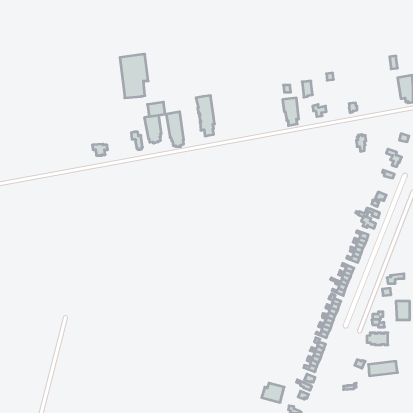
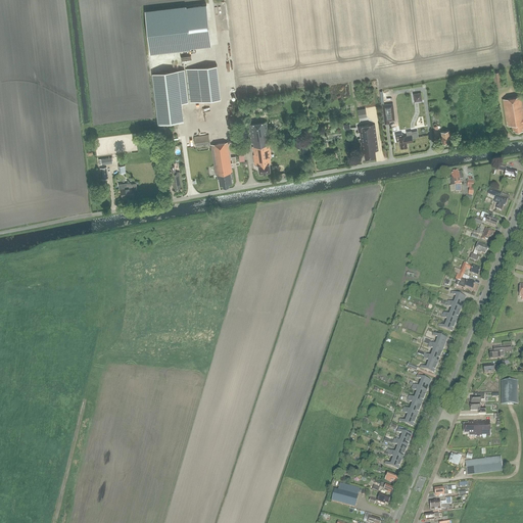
building: none -> [144,4,210,53]
building: none -> [185,64,220,102]
building: [145,115,161,143] -> none

